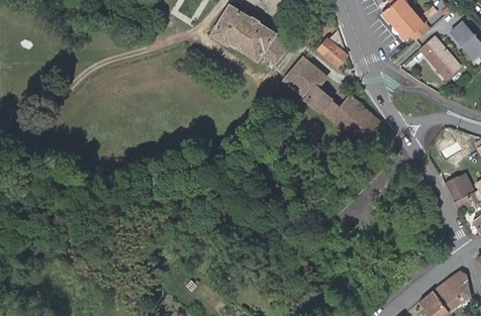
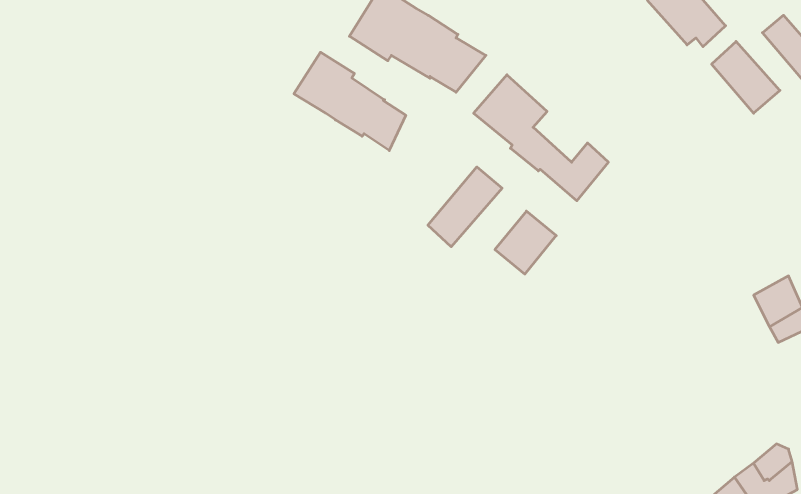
building: [318,30,346,65] -> none
building: none -> [294,52,406,151]
building: [343,107,378,143] -> [495,211,556,274]
building: none -> [428,167,502,247]

